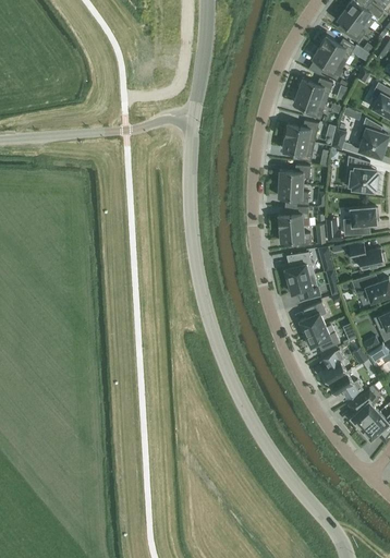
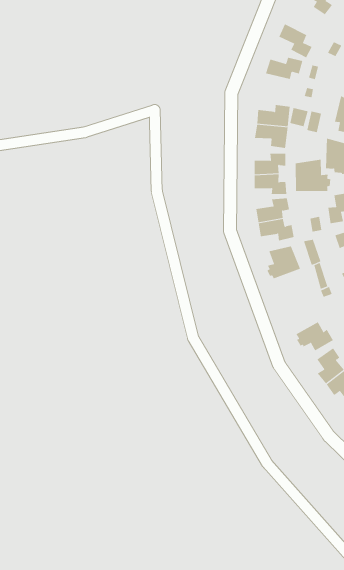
building: [319,36,355,63] -> none
building: [293,92,324,120] -> none
building: none -> [295,159,331,192]
building: [287,275,320,301] -> none
building: [298,302,327,335] -> none

